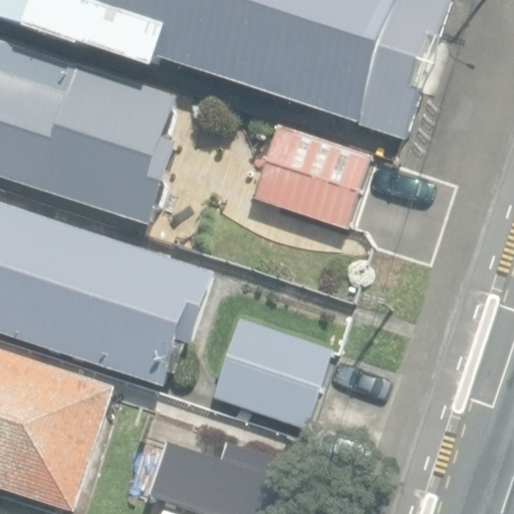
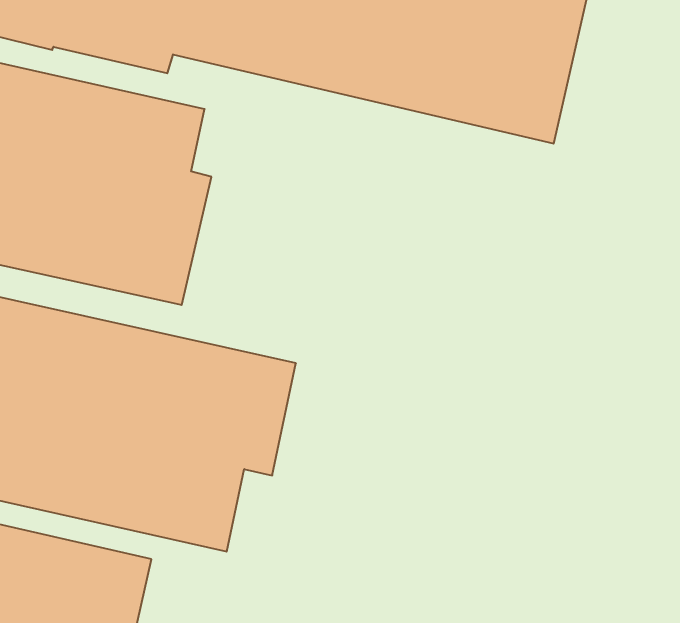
building: [250,123,369,228] -> none
building: [211,316,332,428] -> none

